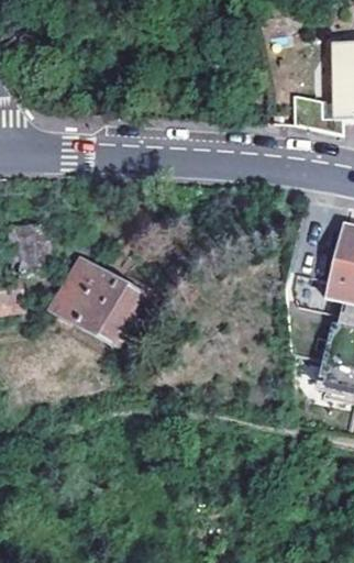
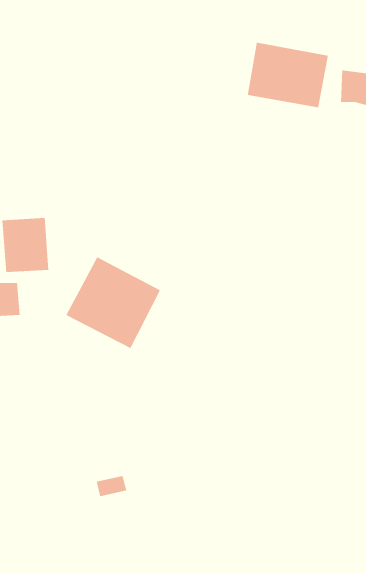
building: none -> [247,42,329,108]

